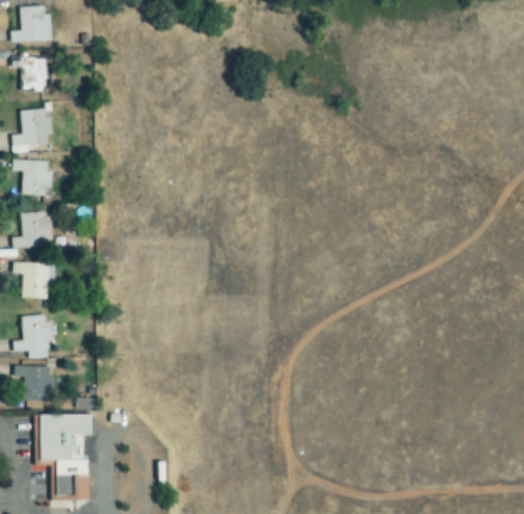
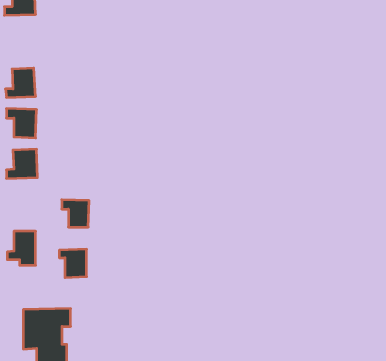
building: [12,55,47,83] -> none
building: [14,262,49,297] -> [62,200,89,227]
building: [17,365,51,401] -> [59,249,87,278]

